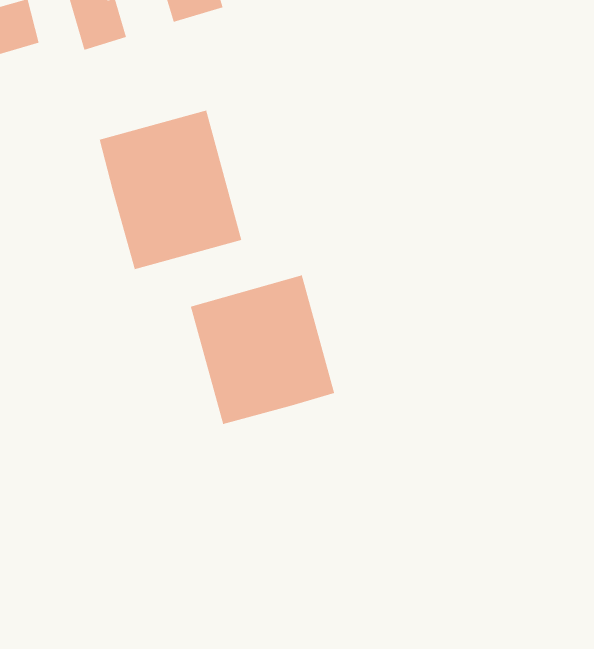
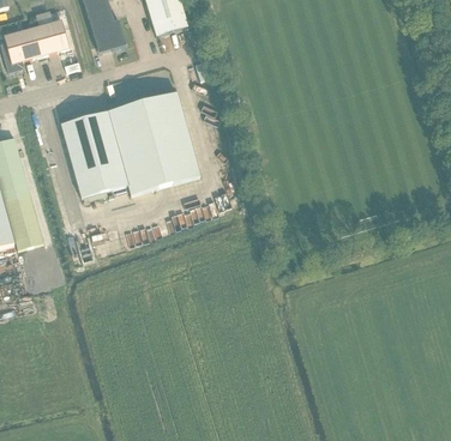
building: none -> [60,110,127,198]
building: [190,275,335,425] -> none

